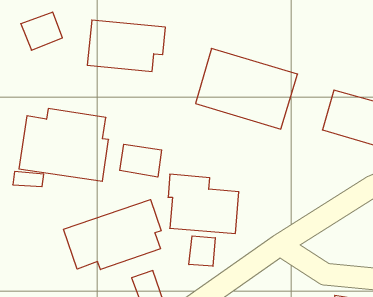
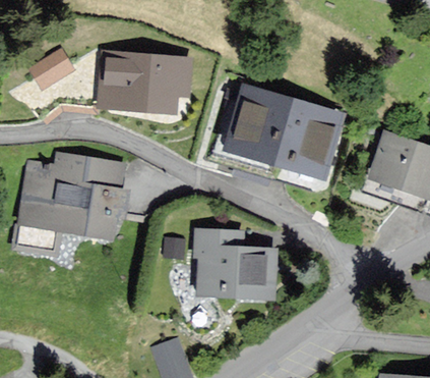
building: [120,144,162,177] -> none
building: [63,200,161,270] -> none
building: [189,236,215,266] -> none

